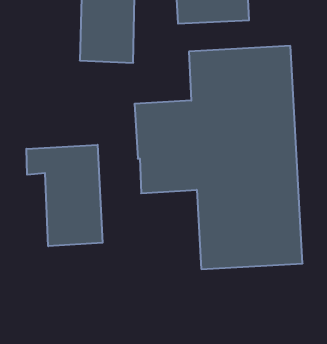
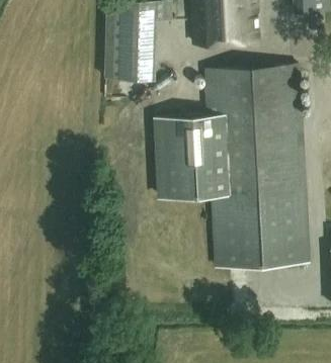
building: [26,145,103,246] -> none

